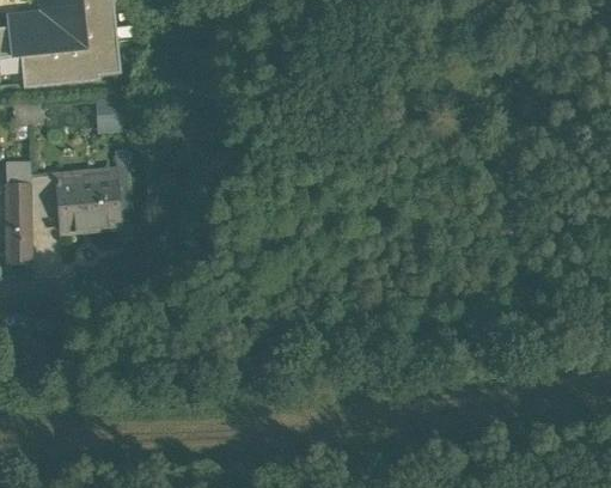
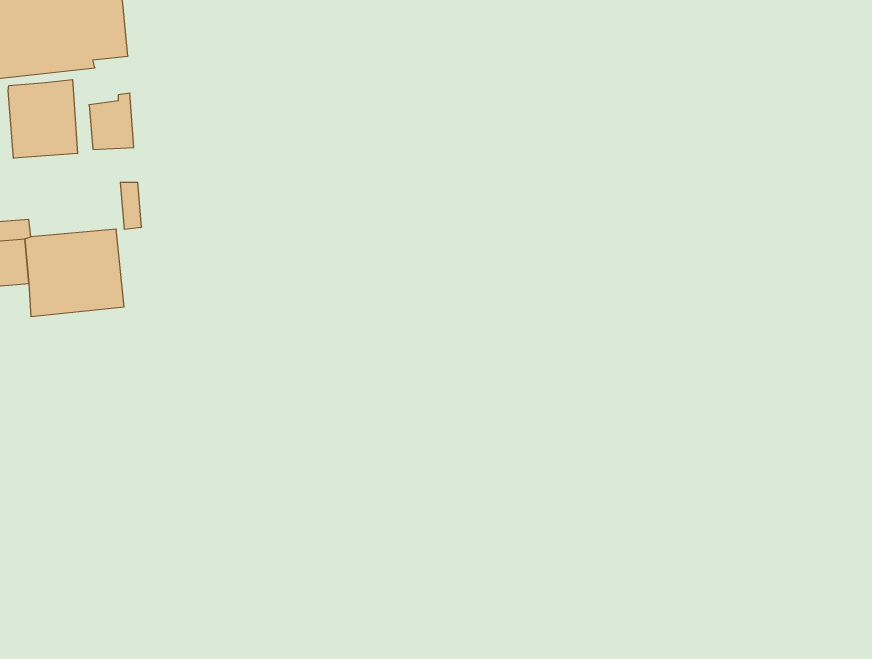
building: none -> [8,80,78,158]

